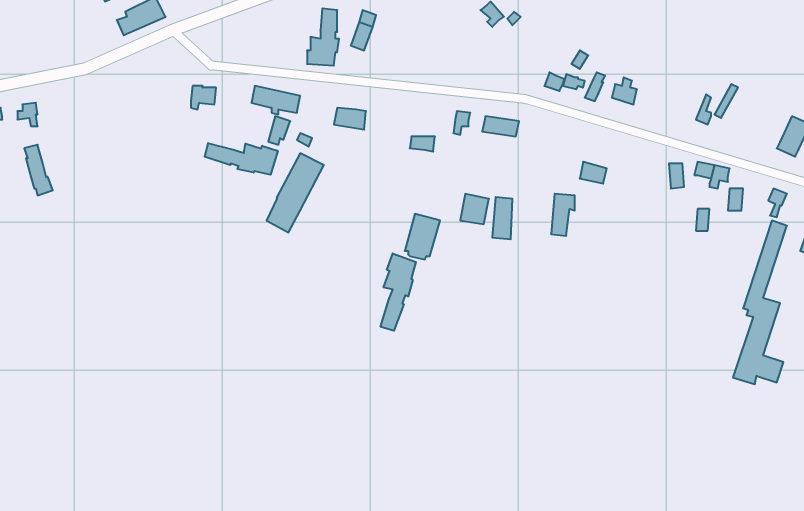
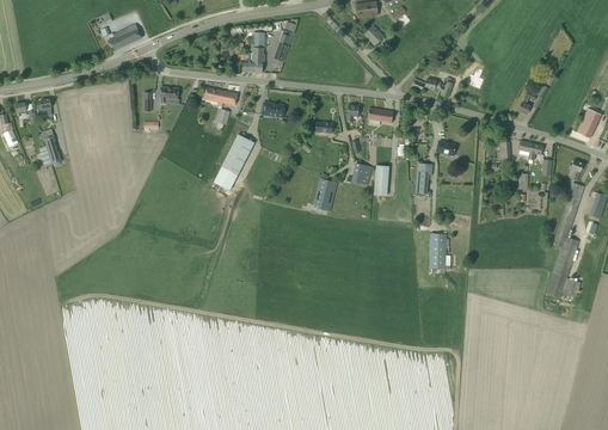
building: [205,143,278,175] -> none
building: [381,253,416,331] -> none
building: none -> [429,233,450,269]

